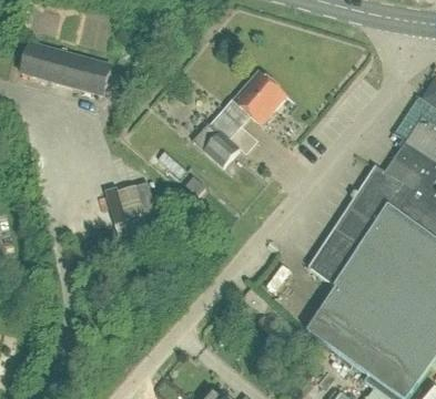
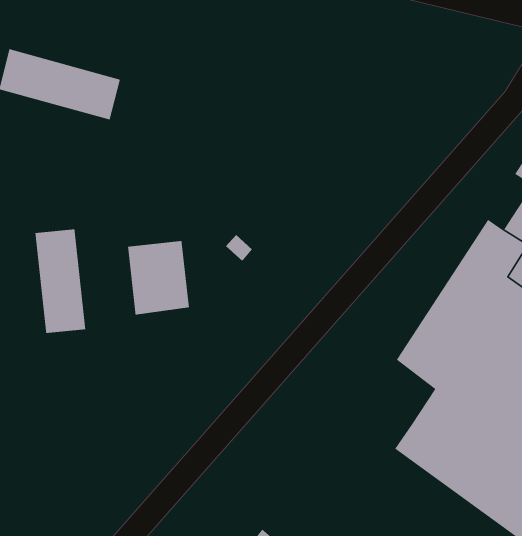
building: [203,70,285,167] -> none
building: none -> [34,229,86,334]

